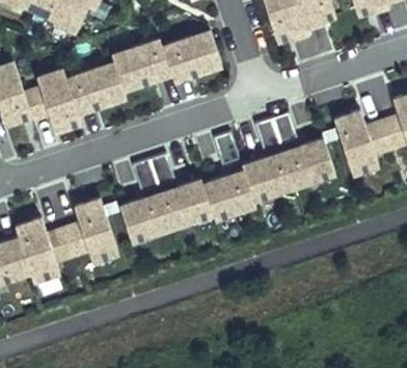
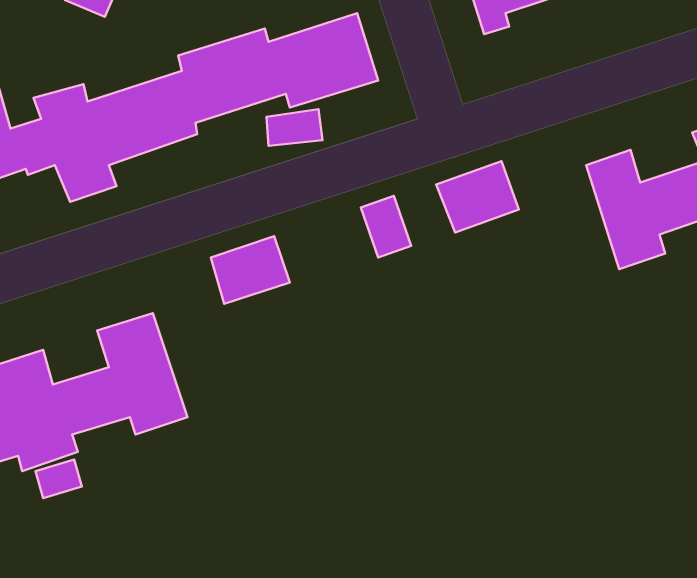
building: [117,135,335,241] -> none

